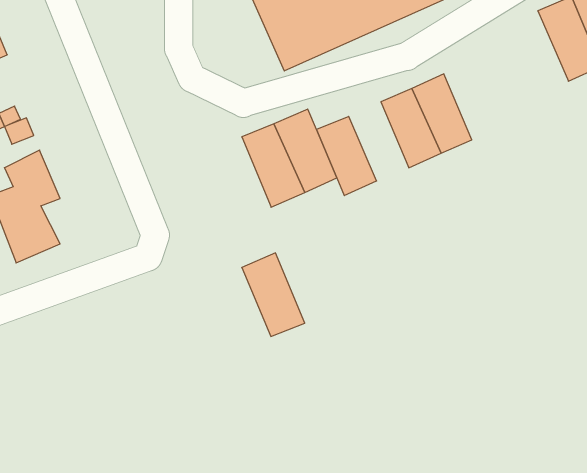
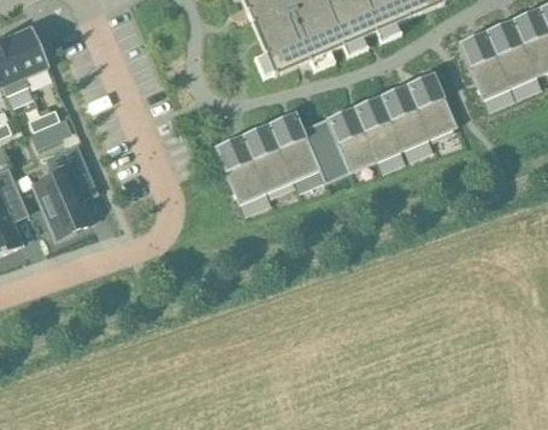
building: none -> [458,30,511,99]
building: none -> [408,71,458,136]
building: none -> [330,105,379,170]
building: [242,253,305,336] -> [214,134,266,202]

